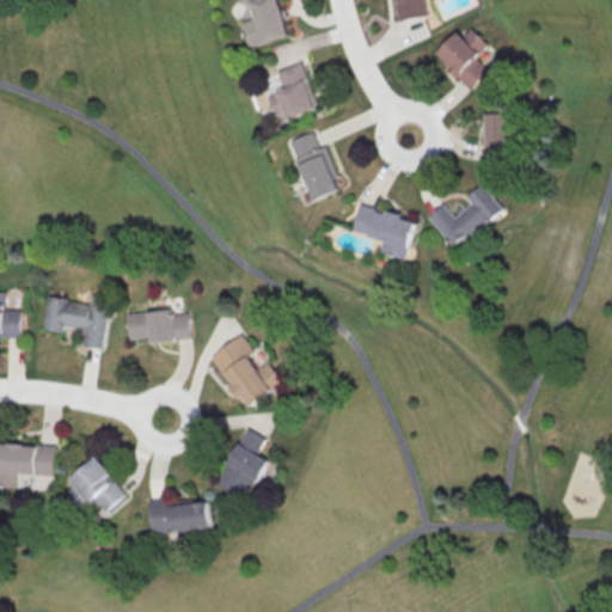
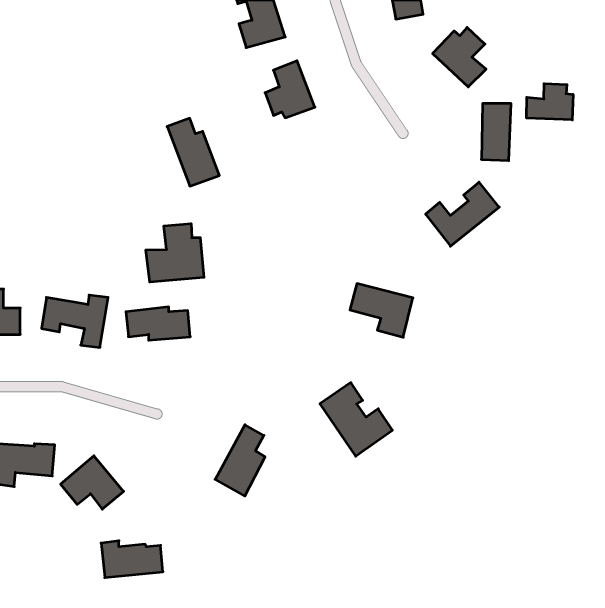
building: none -> [527,84,573,120]
building: [289,131,342,200] -> [167,118,219,186]
building: [353,204,416,258] -> [350,284,413,337]
building: none -> [146,224,204,282]
building: [210,333,283,408] -> [320,383,392,456]
building: [146,496,208,533] -> [101,541,163,578]

